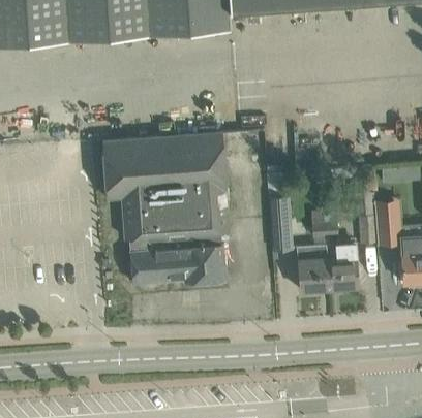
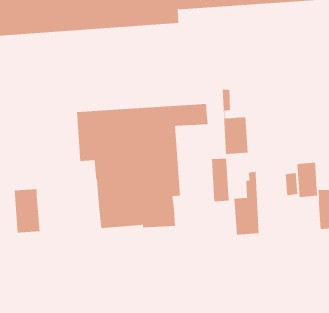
building: [325,210,358,290] -> [222,89,249,155]
building: none -> [14,188,40,233]

